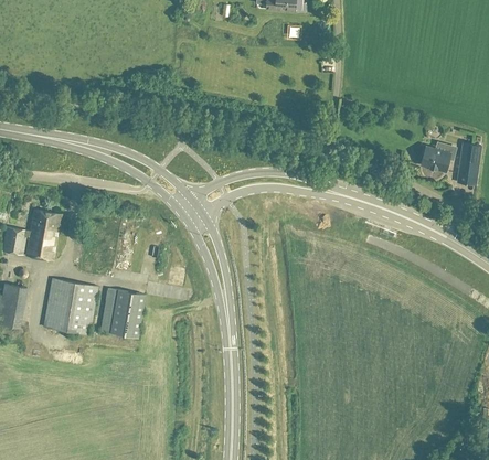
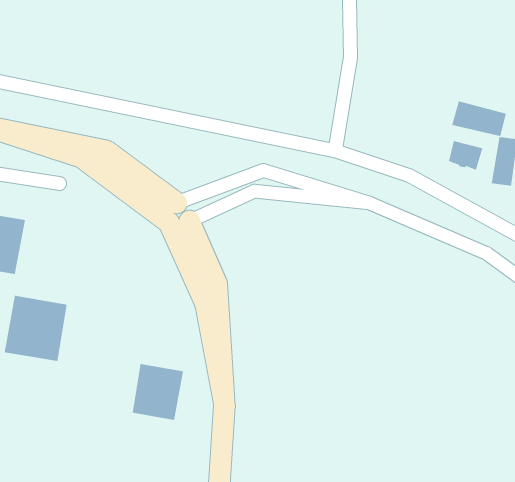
building: none -> [452,101,507,137]
building: [100,288,145,336] -> [132,363,184,421]

